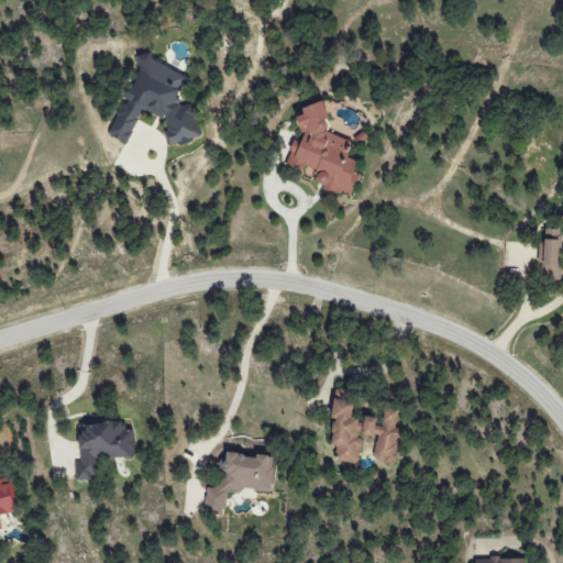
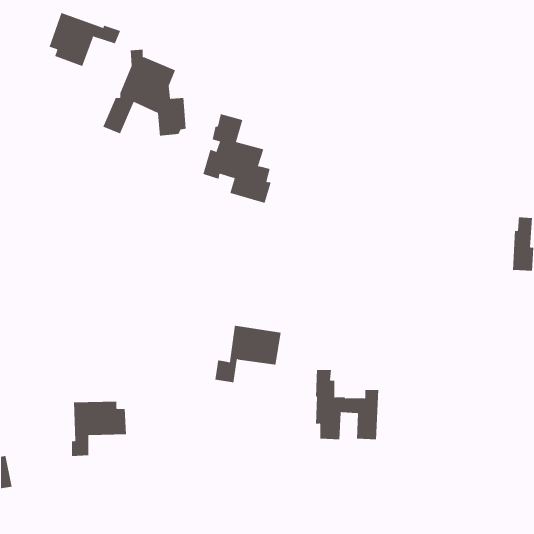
building: none -> [49,12,121,67]
building: [286,101,358,196] -> [202,113,271,204]
building: [205,450,275,510] -> [214,325,281,383]

